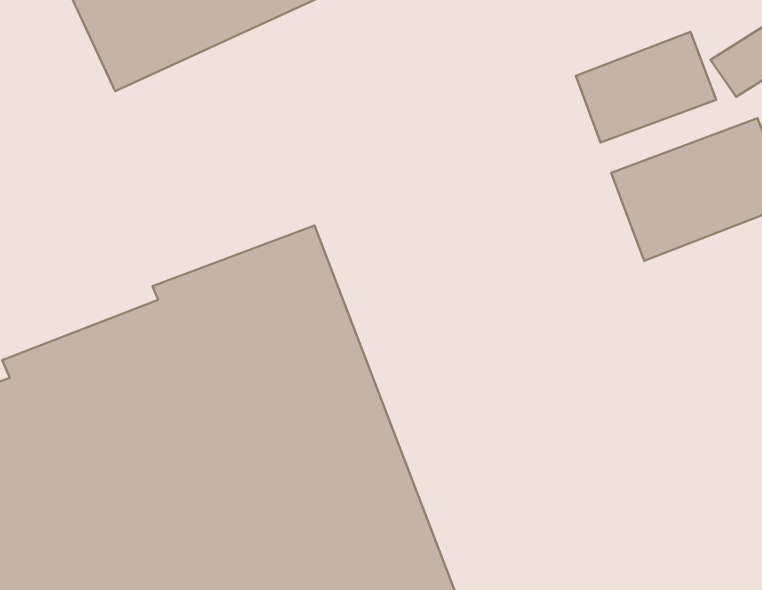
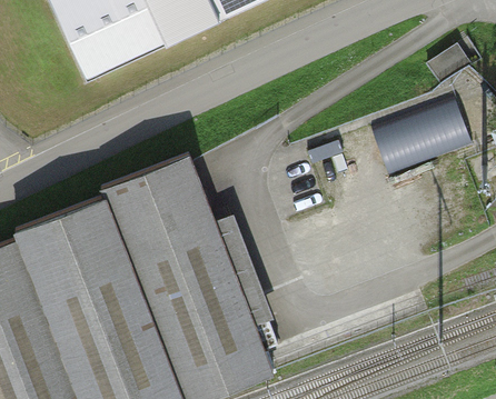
building: [576,32,716,142] -> none

